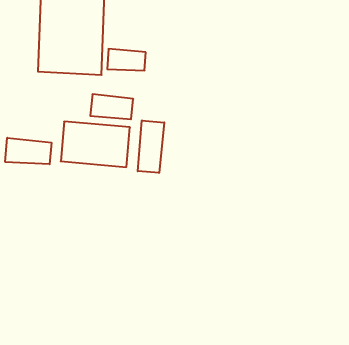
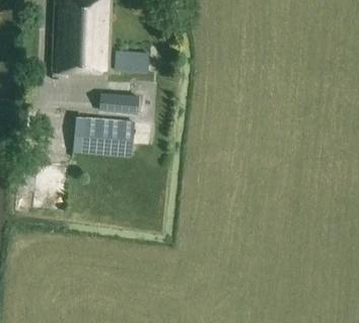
building: [138,120,164,173] -> none
building: [5,138,51,164] -> none

